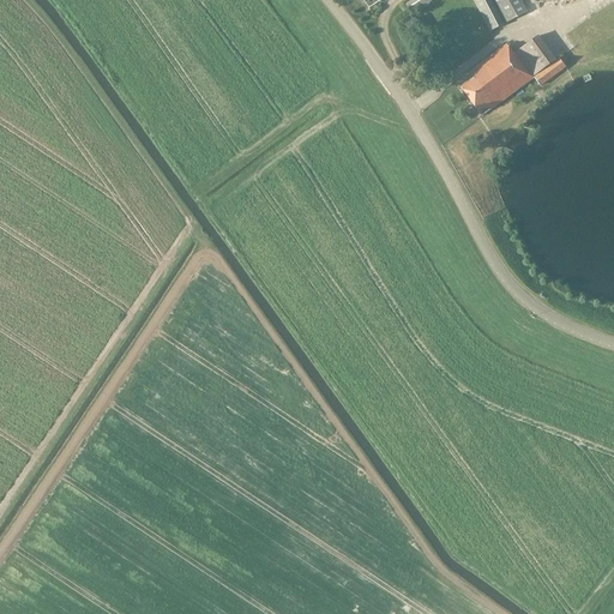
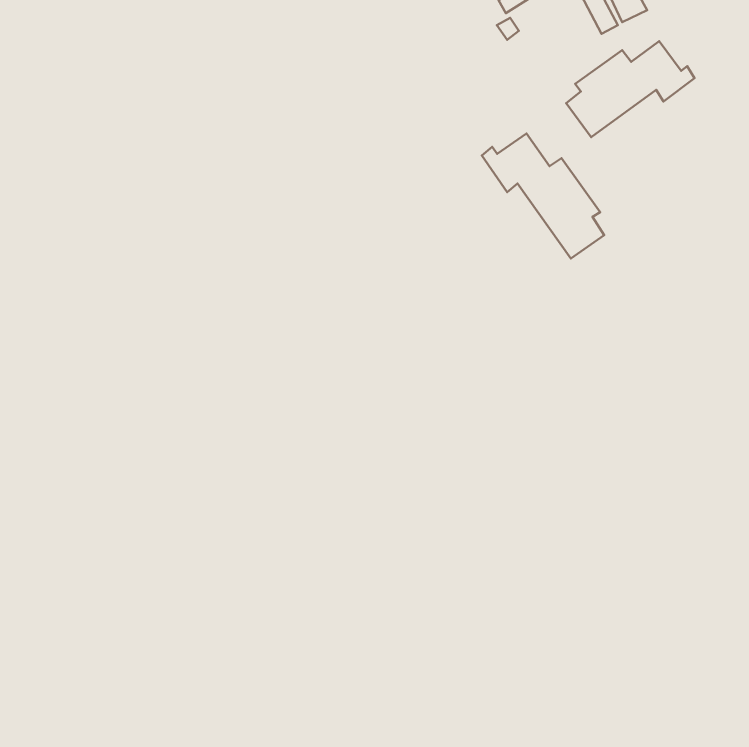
building: none -> [482,134,604,258]

